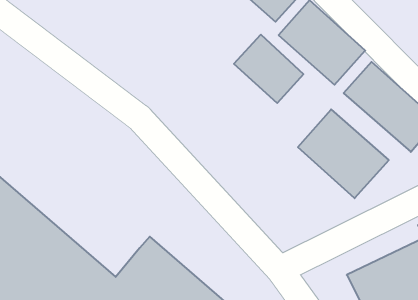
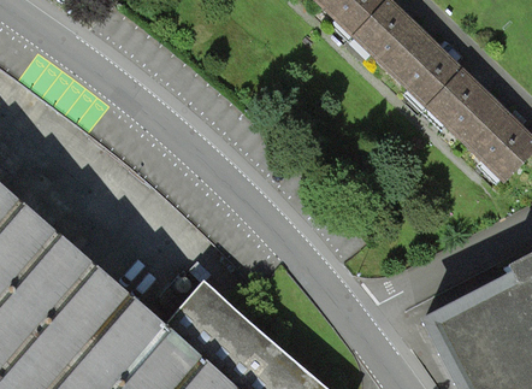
building: [234,35,303,103] -> none
building: [298,109,389,198] -> none

